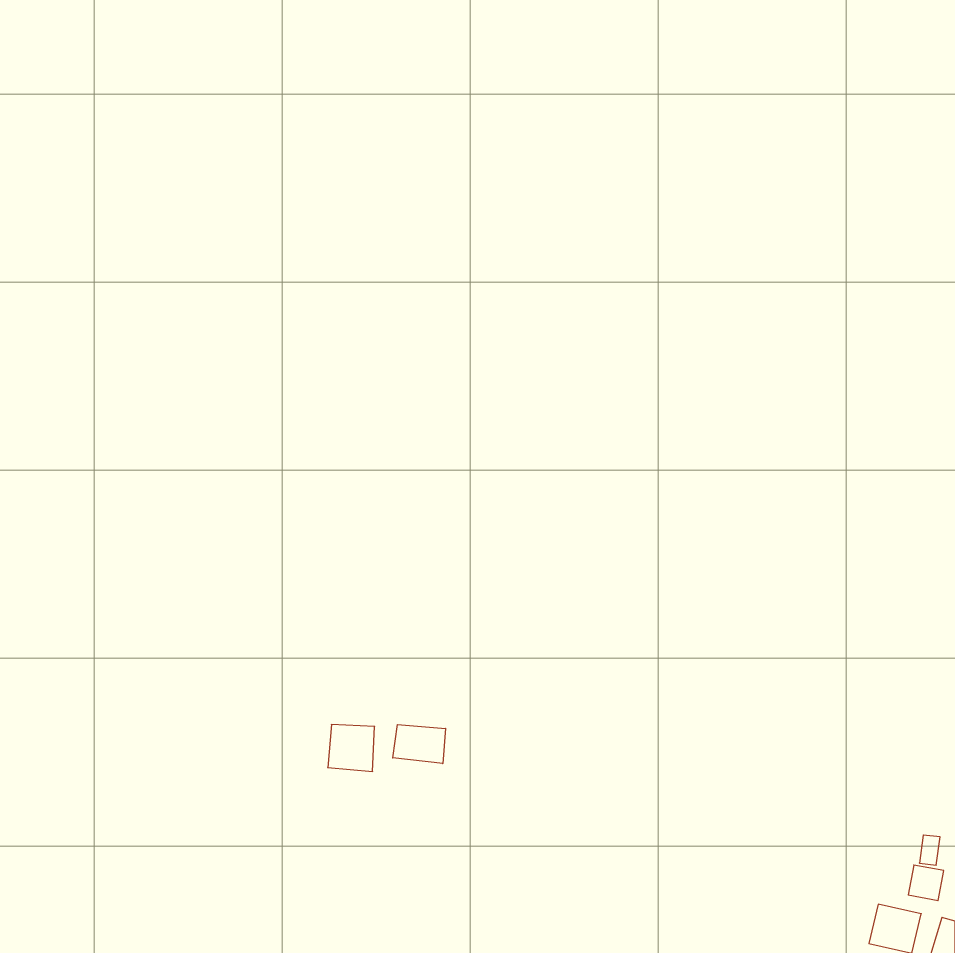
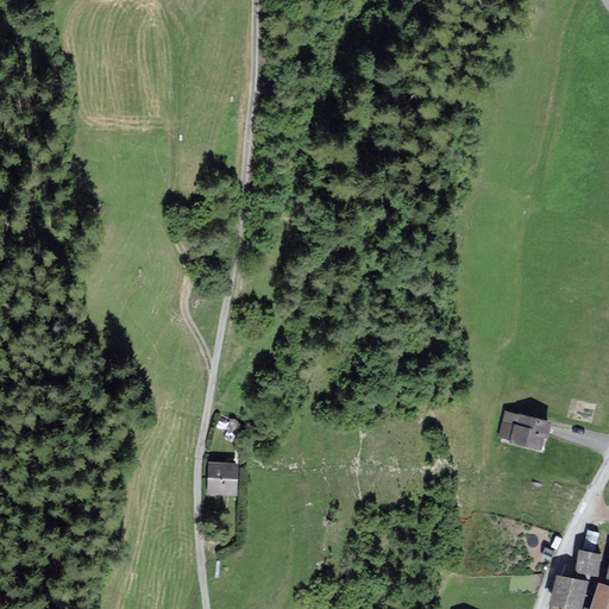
building: none -> [500,413,547,447]
building: [393,725,446,764] -> none

